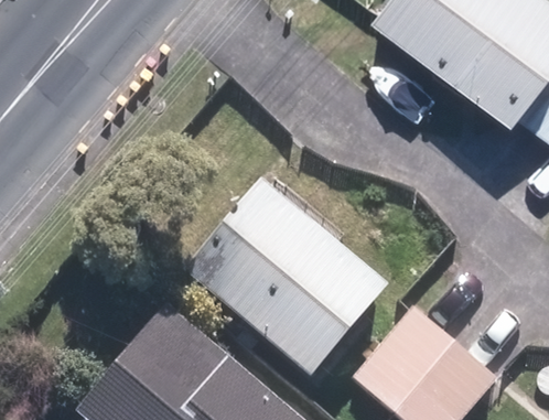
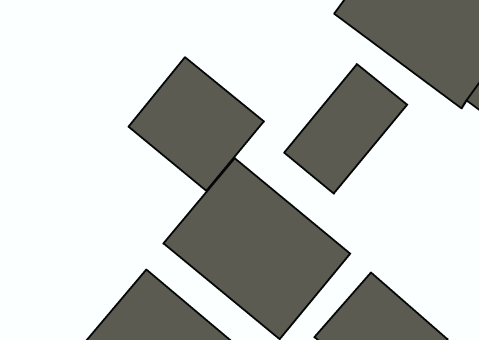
building: none -> [129,57,264,191]
building: none -> [284,64,407,194]

